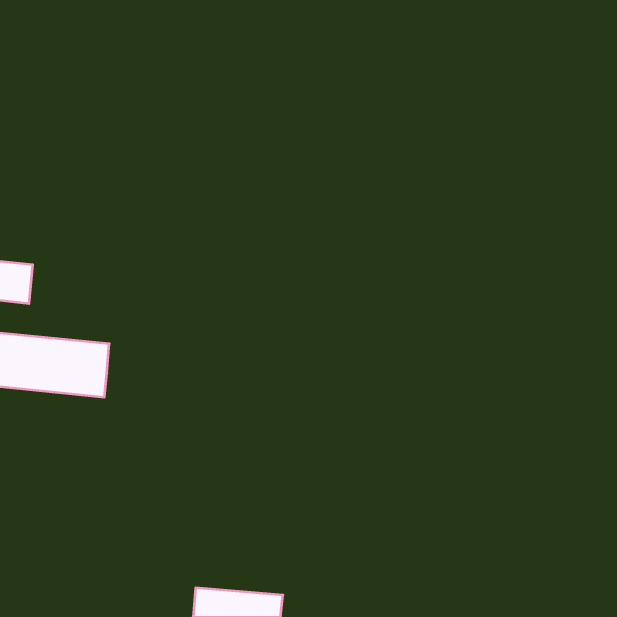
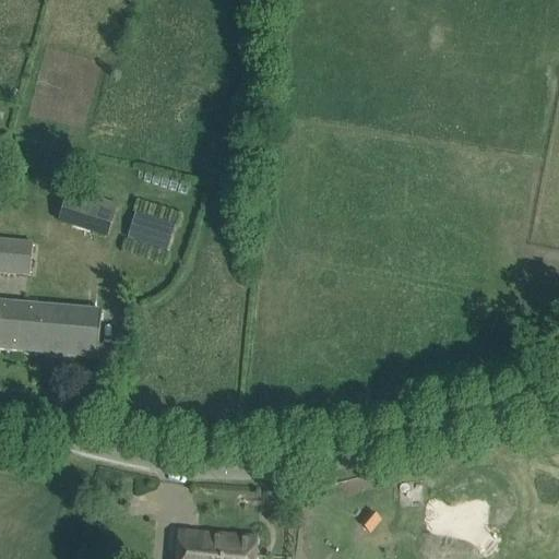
building: none -> [69,189,119,229]
building: none -> [124,210,173,249]

